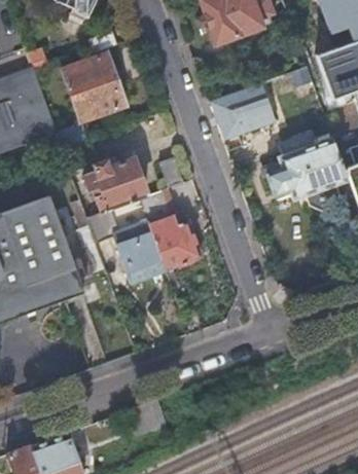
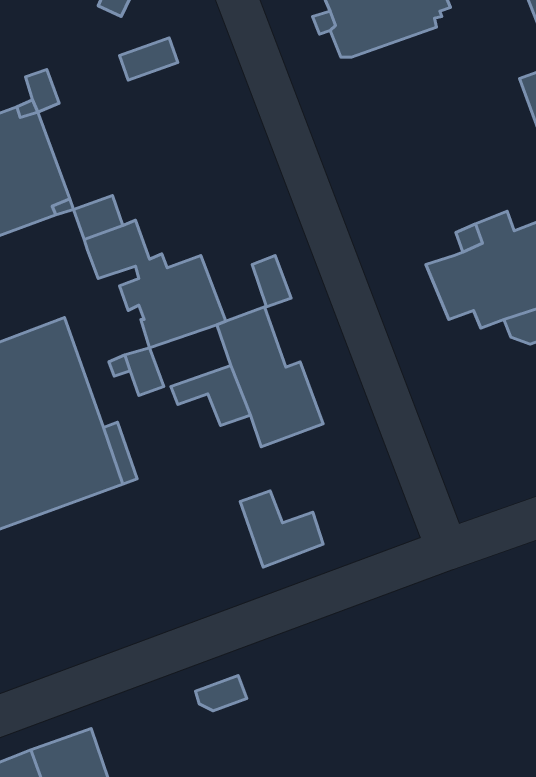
building: [64,54,124,119] -> none
building: [210,81,277,140] -> none
building: [118,238,167,282] -> [240,491,323,567]

